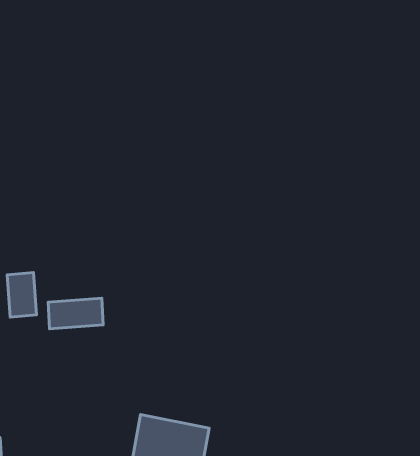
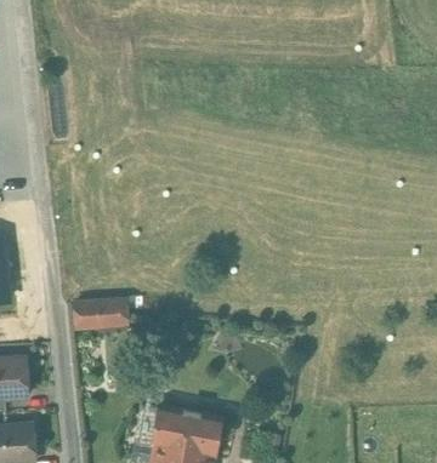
building: [7,272,37,317] -> none

